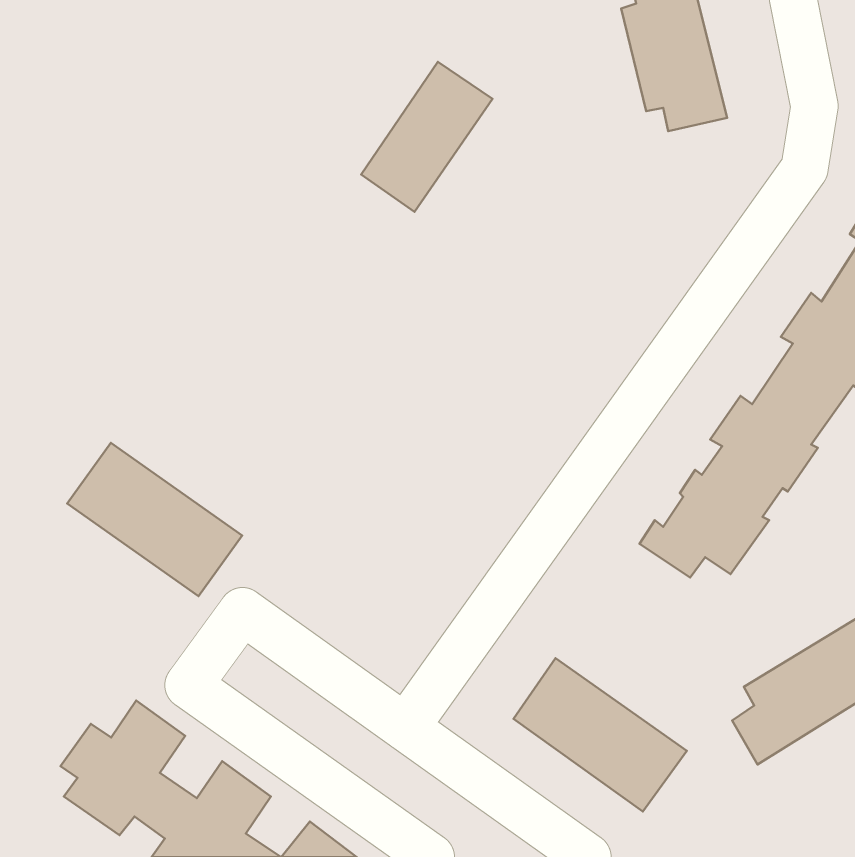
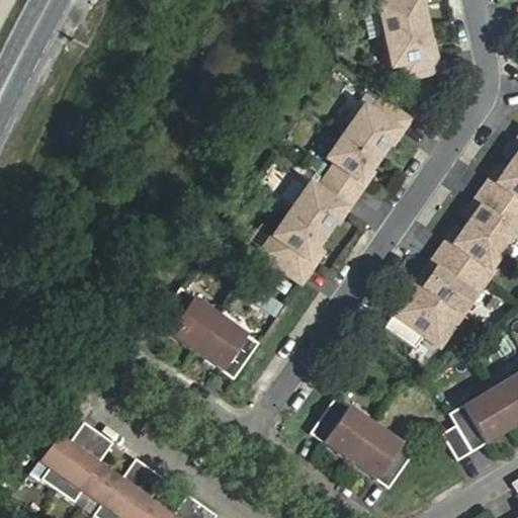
building: [361,62,492,212] -> none
building: none -> [262,97,410,282]
building: [67,443,242,596] -> [156,286,261,378]

